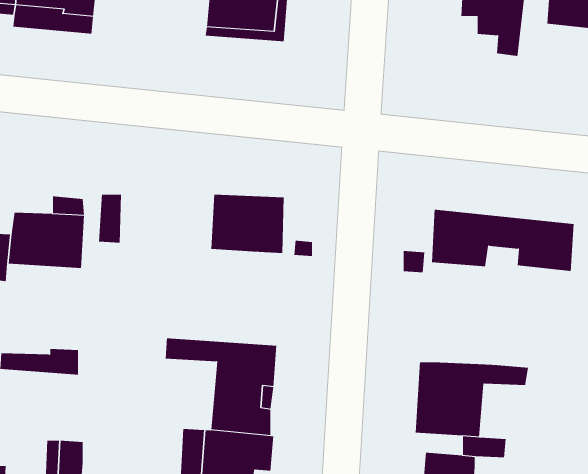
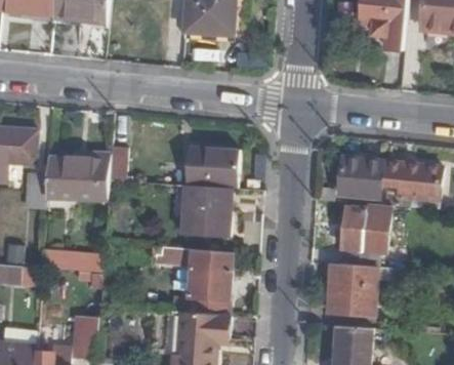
building: none -> [170,185,219,237]
building: none -> [340,203,389,265]

